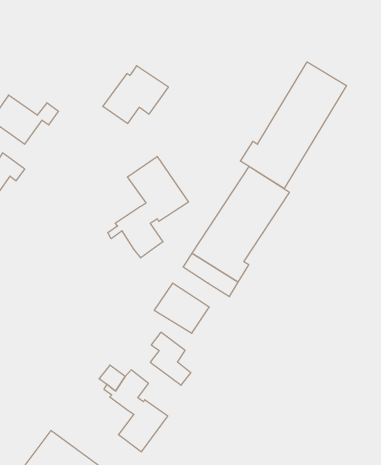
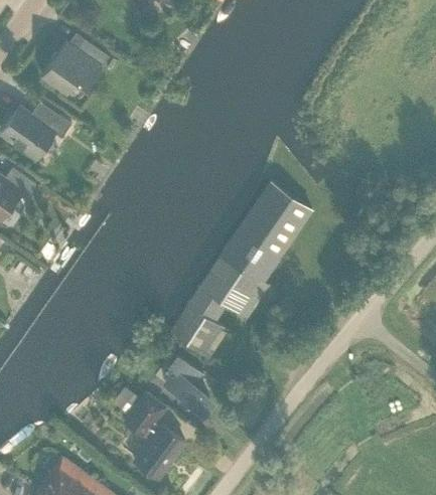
building: [240,62,346,189] -> none
building: [103,66,168,124] -> [40,33,109,94]
building: [108,156,188,258] -> none
building: none -> [189,286,227,320]

